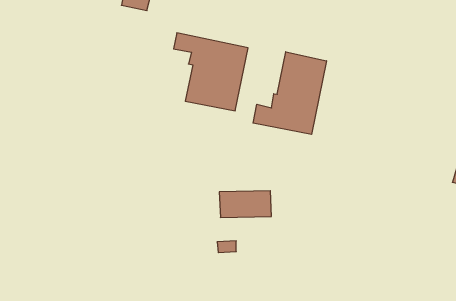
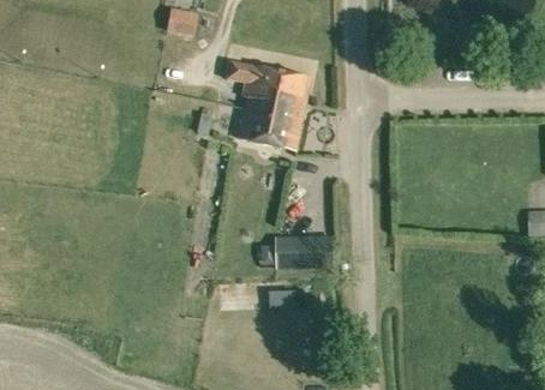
building: [253,52,326,134] -> none

